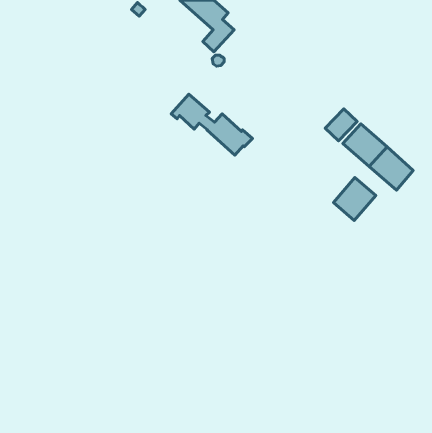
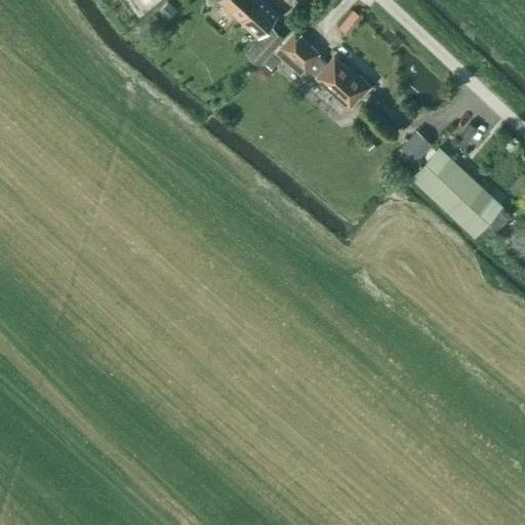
building: [171,94,253,155] -> [274,33,372,107]
building: [334,177,376,220] -> none

